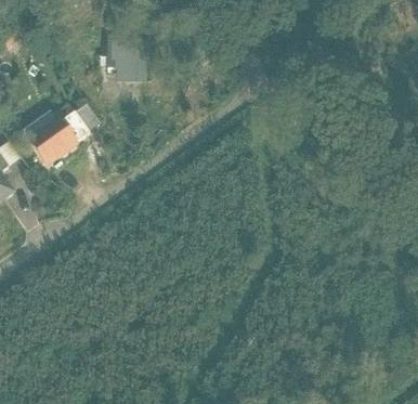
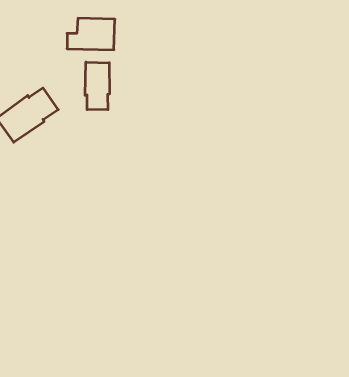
building: none -> [85,62,109,110]

